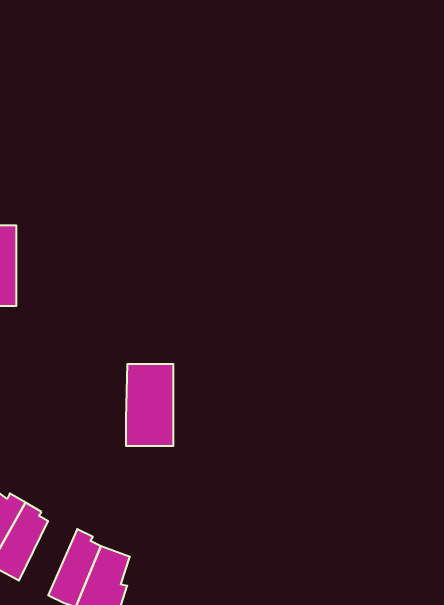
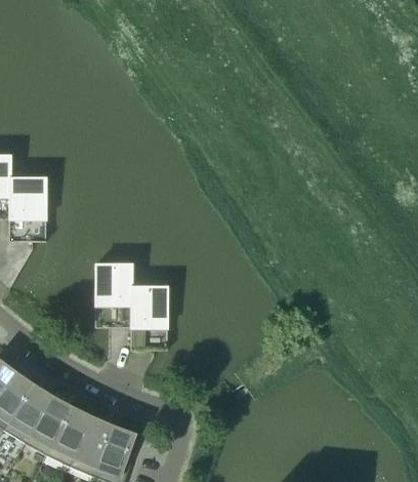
building: none -> [94,264,131,327]
building: none -> [47,407,92,465]

